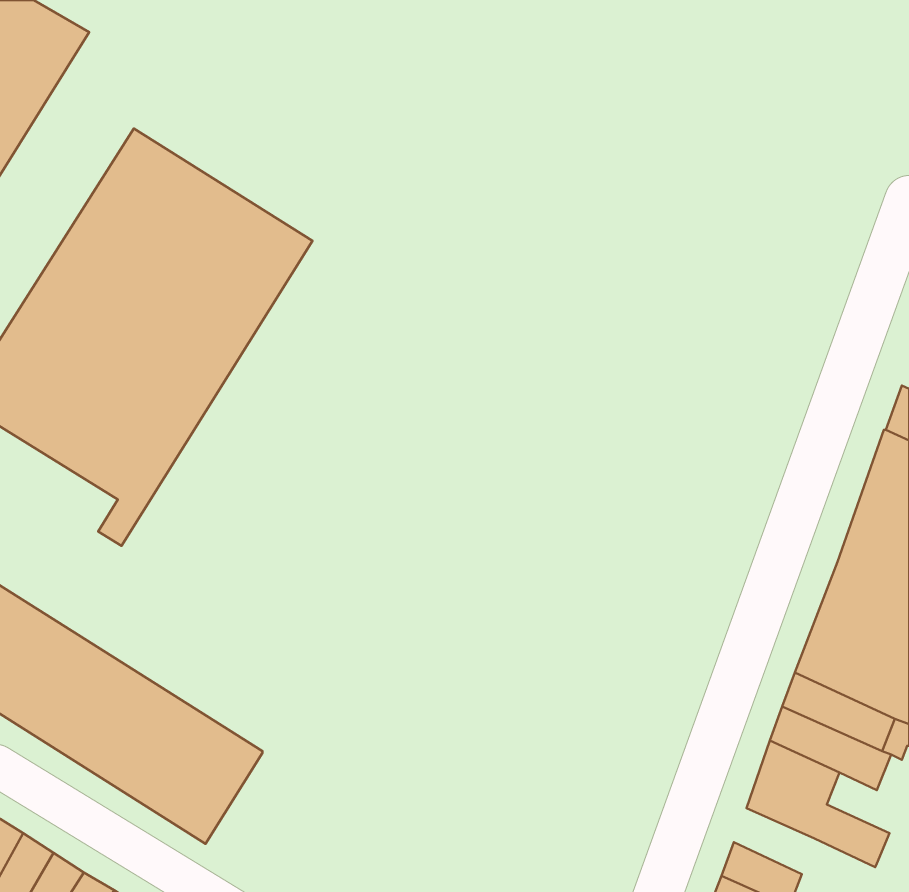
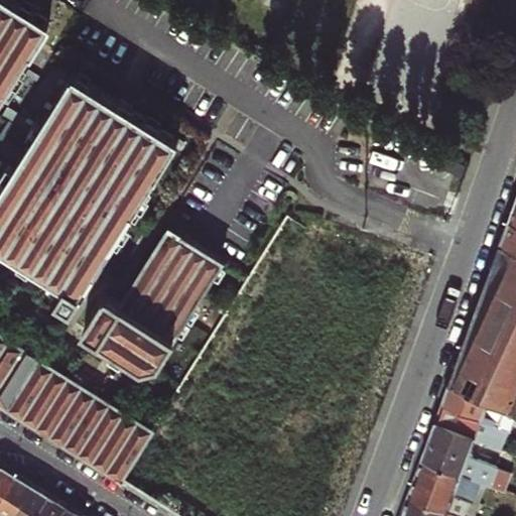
building: none -> [81,227,224,373]
building: none -> [414,468,460,505]

